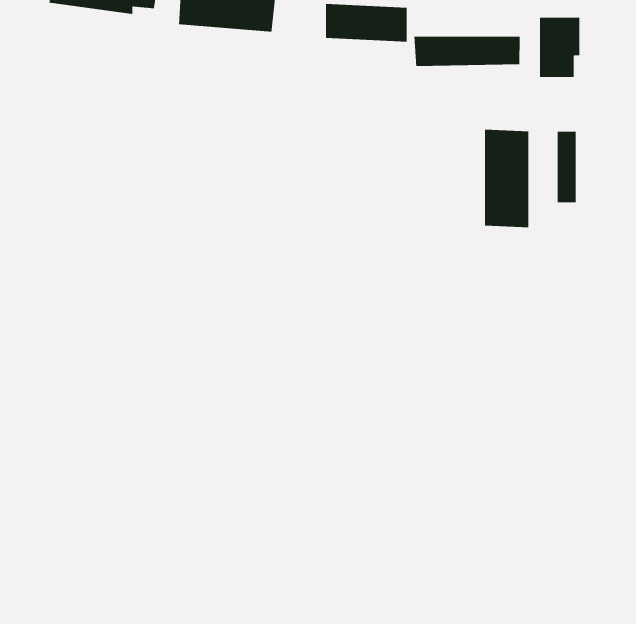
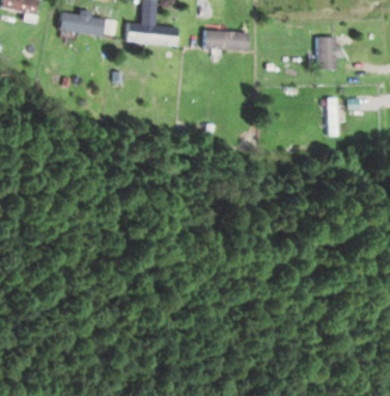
building: [414,36,521,67] -> none
building: [484,129,529,228] -> none

